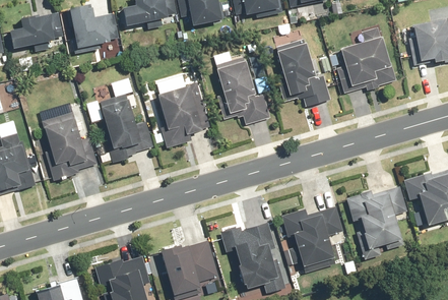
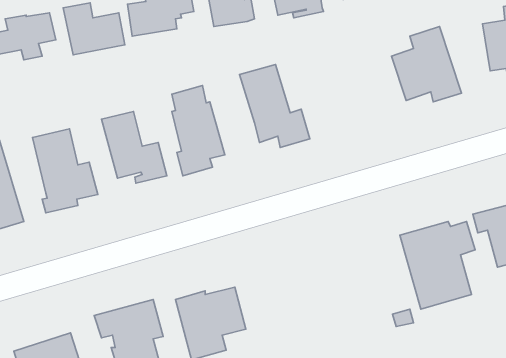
building: [277,43,331,102] -> none
building: [282,206,343,274] -> none
building: [226,222,286,293] -> none

